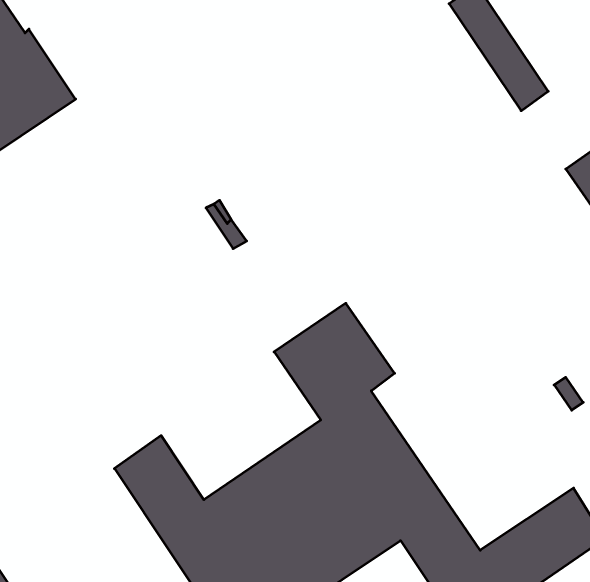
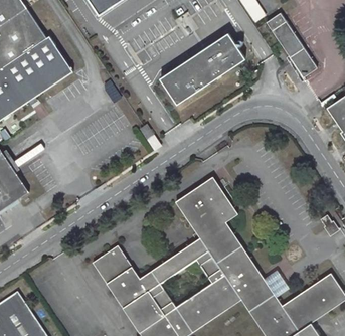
building: none -> [160,33,243,103]

